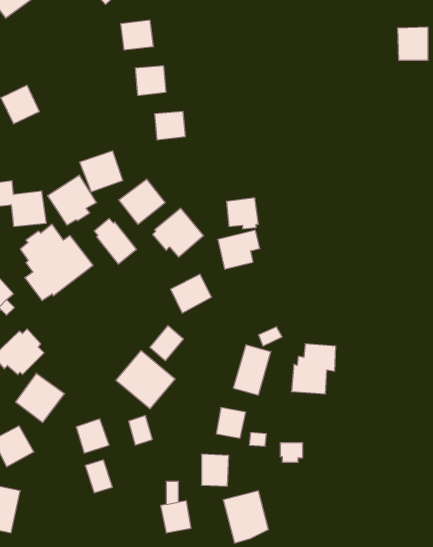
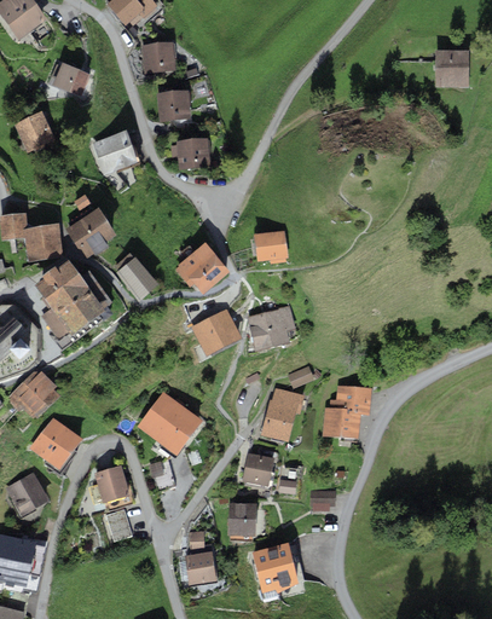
building: none -> [52,62,91,97]
building: [80,151,123,192] -> [92,131,138,174]
building: [119,179,165,224] -> none
building: [218,230,260,269] -> [249,308,294,349]
building: [150,326,183,361] -> none

